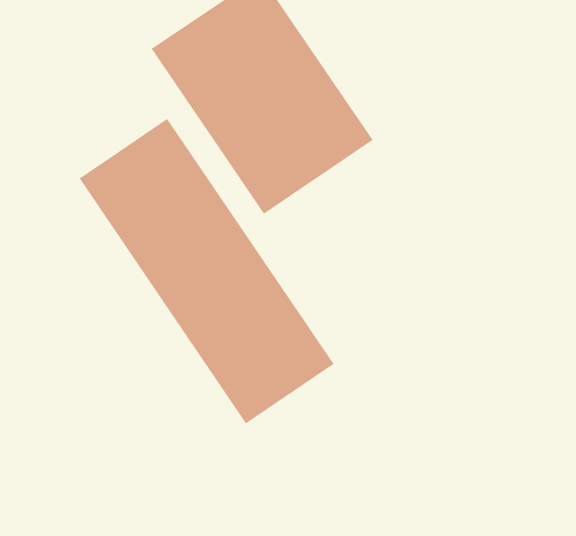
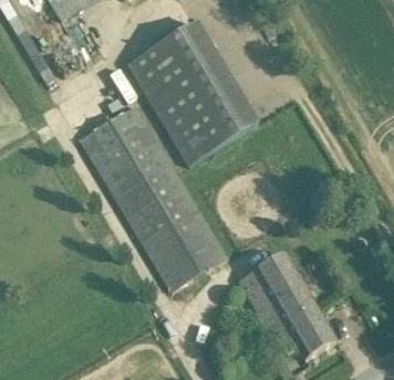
building: none -> [237,252,334,359]

